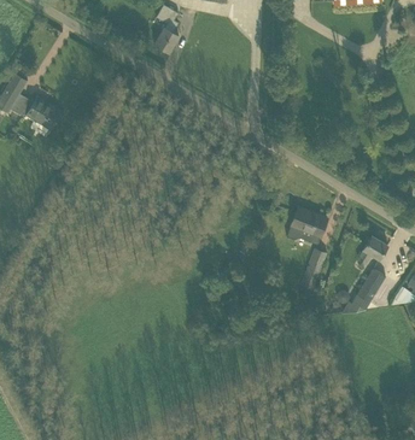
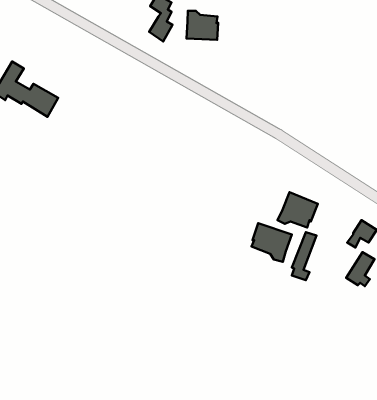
building: none -> [187,11,218,40]
building: none -> [251,223,292,262]

